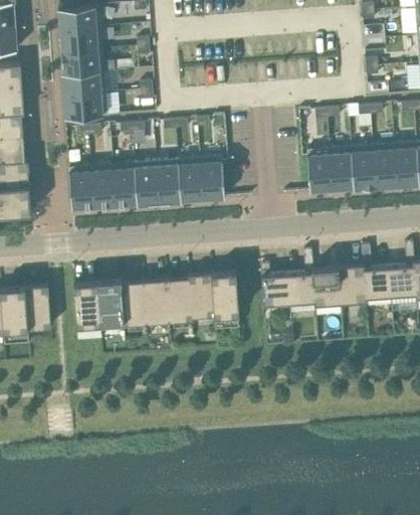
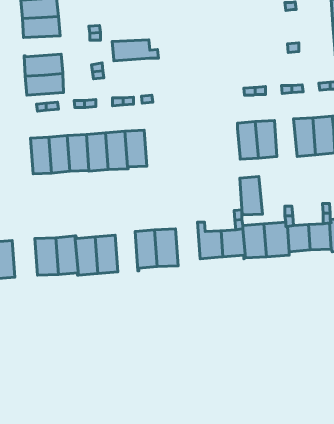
building: [60,52,114,76] -> [112,40,158,61]
building: [349,148,375,192] -> [240,177,262,215]
building: [199,159,224,202] -> none
building: [166,278,192,324] -> none

